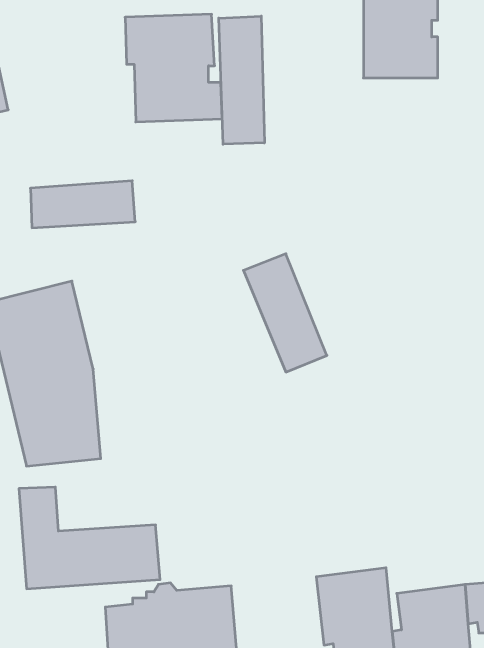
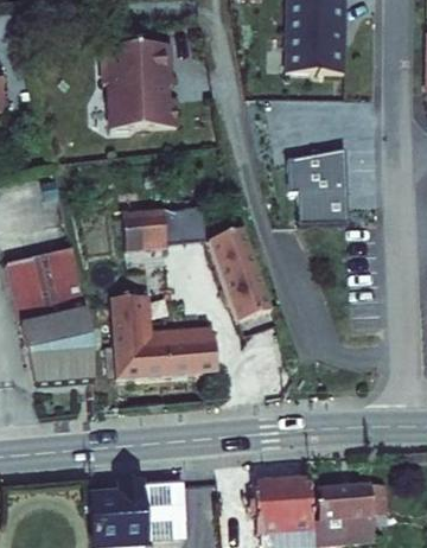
building: [219,16,264,144] -> none
building: none -> [294,163,357,240]
building: [30,181,135,228] -> [116,206,198,243]
building: [19,487,160,589] -> [107,294,217,374]

